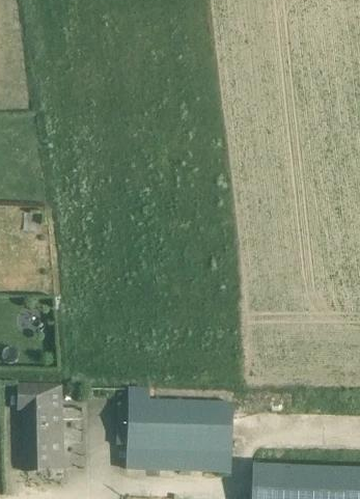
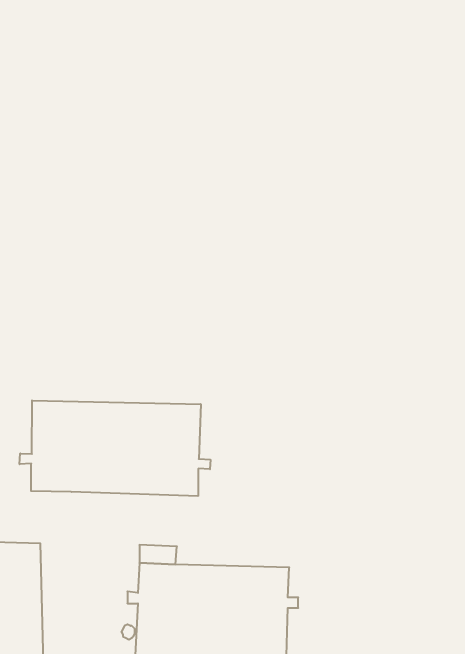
building: none -> [20,400,210,496]

